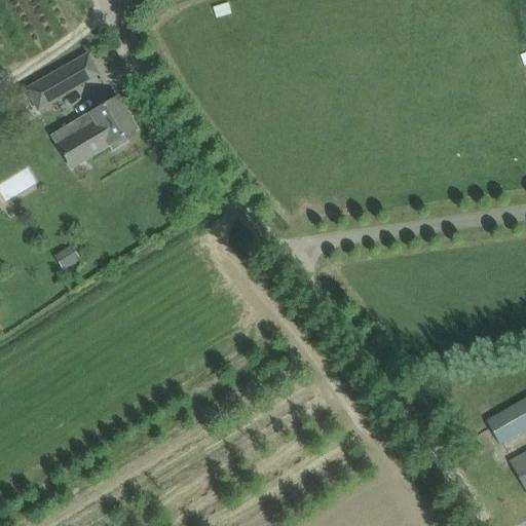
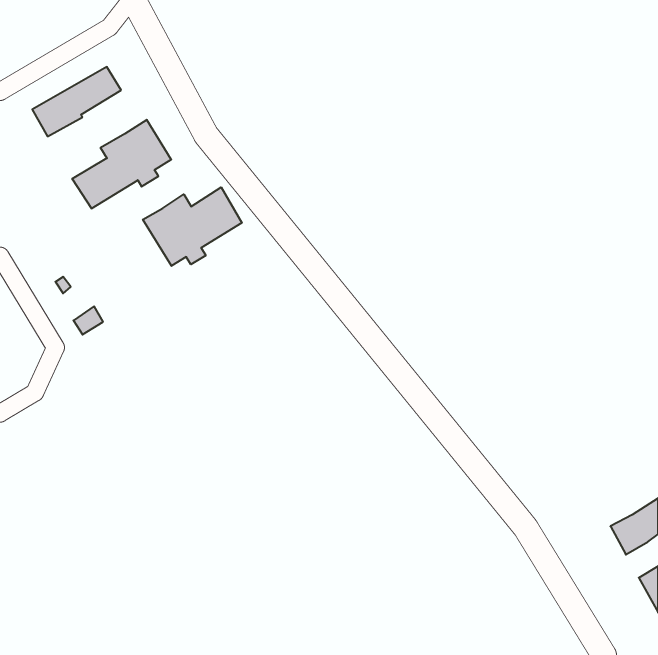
building: none -> [143,187,242,266]

